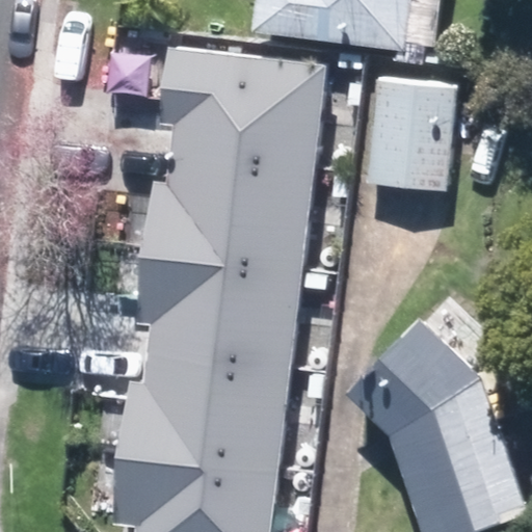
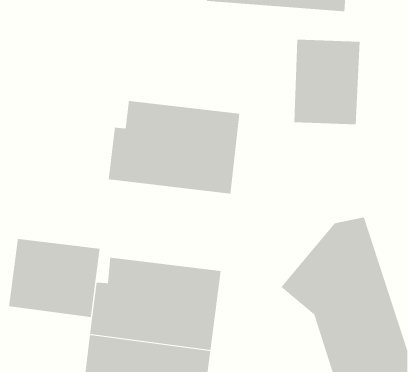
building: [154,56,321,175] -> none
building: [131,260,298,377] -> none
building: none -> [8,238,100,318]

